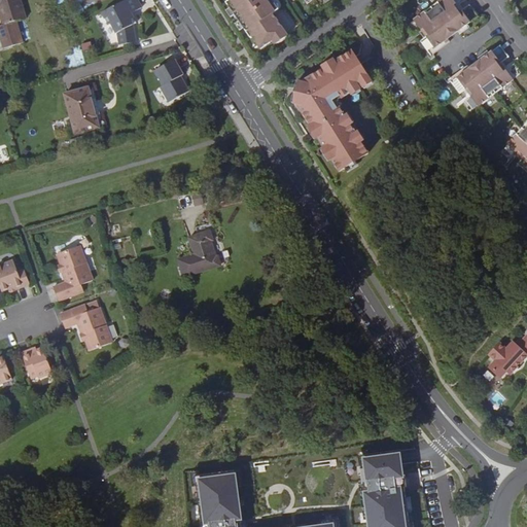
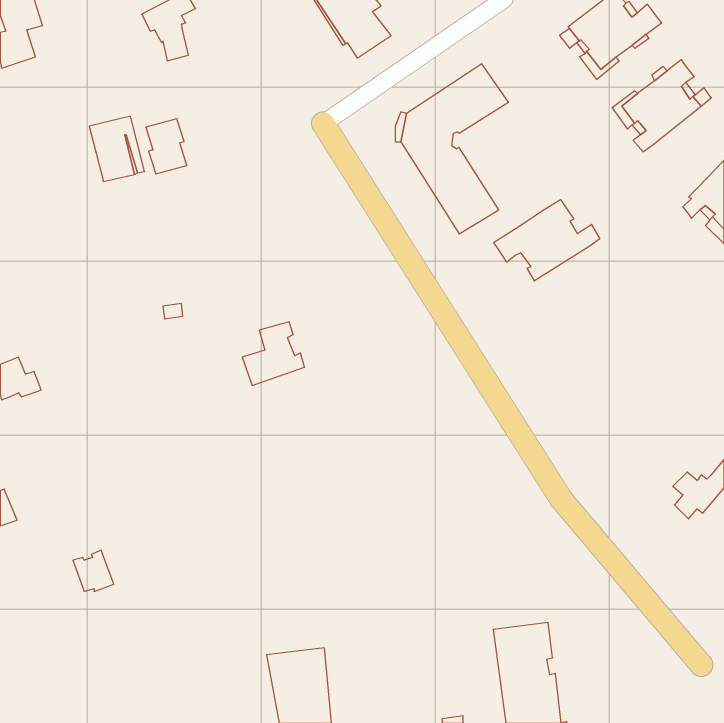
building: [155,58,185,98] -> [146,119,187,174]
building: none -> [494,200,600,281]
building: [54,245,93,301] -> none
building: [60,304,111,349] -> none
building: [23,347,52,377] -> [73,550,114,591]

